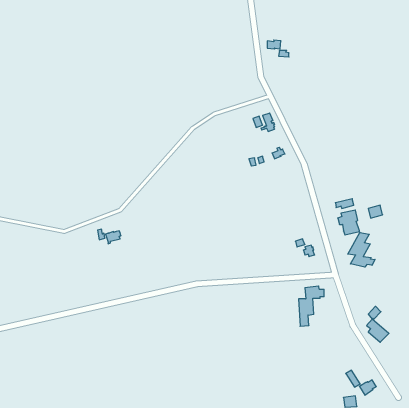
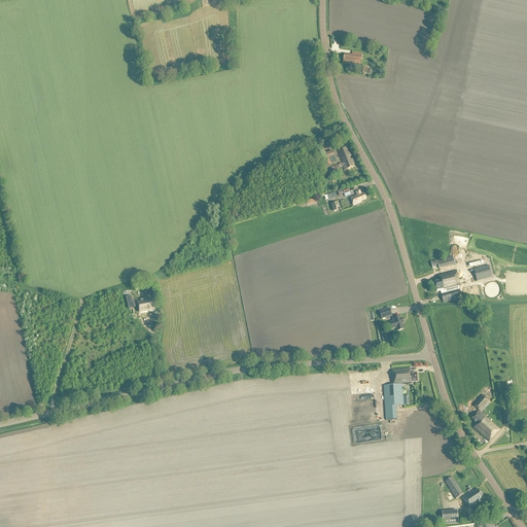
building: [348,232,375,267] -> none

